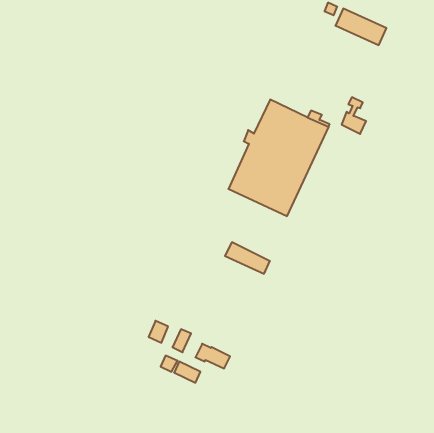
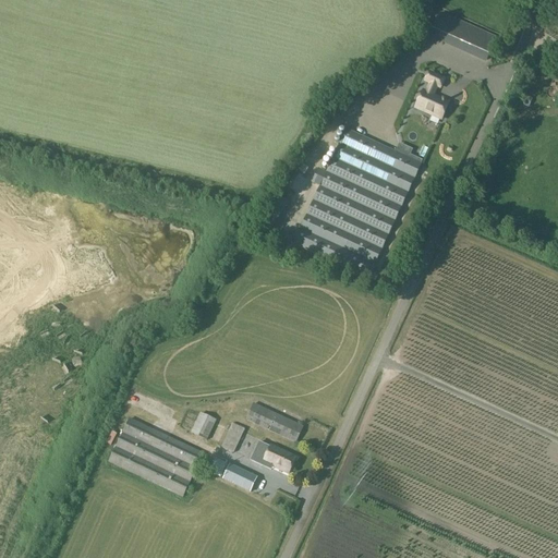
building: [342,97,366,134] -> [416,71,448,118]
building: [225,242,270,274] -> [245,401,303,441]
building: none -> [108,416,204,496]

